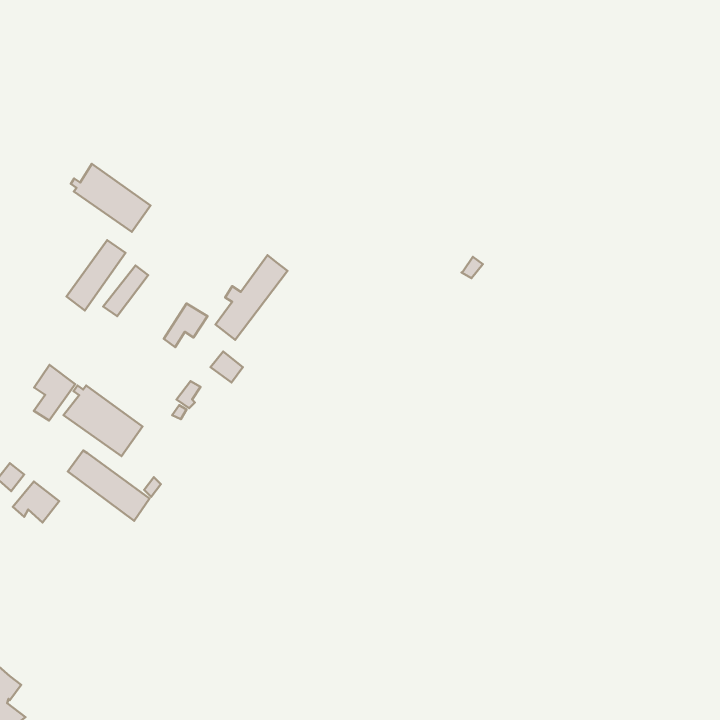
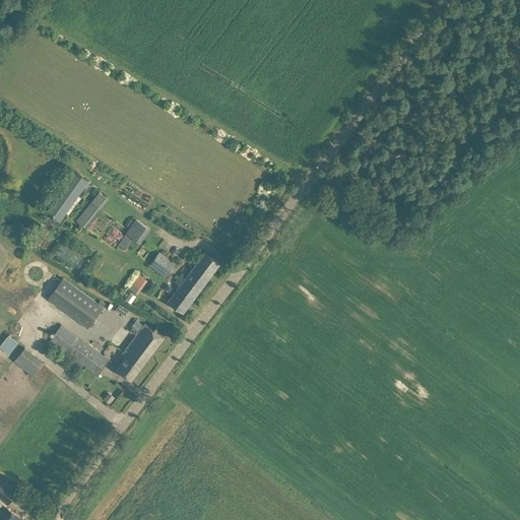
building: [71,164,150,232] -> none
building: [215,255,287,340] -> [168,253,219,314]
building: [34,365,75,421] -> none
building: none -> [115,321,162,381]

